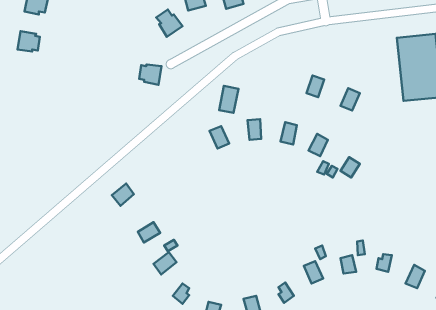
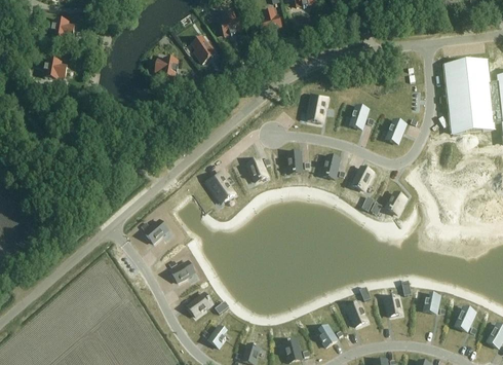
building: [139,64,162,85] -> [155,57,179,78]
building: [219,86,238,113] -> [306,94,326,122]
building: none -> [205,172,234,202]

